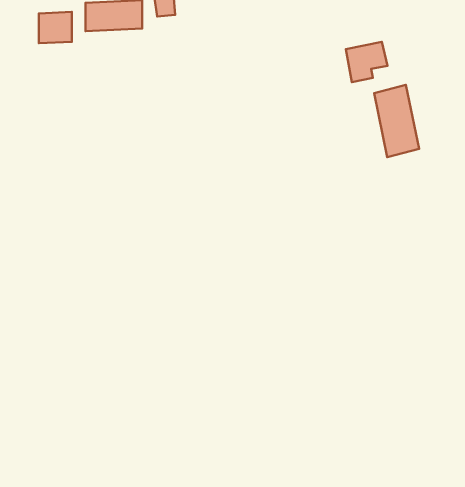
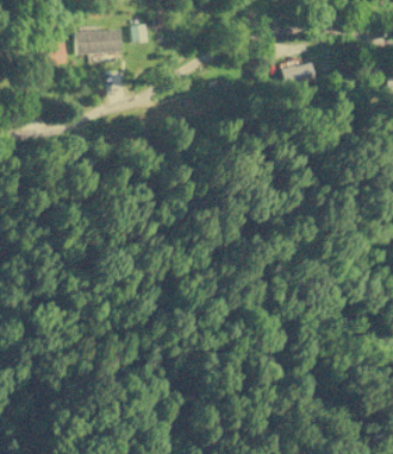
building: [374,85,419,157] -> none

